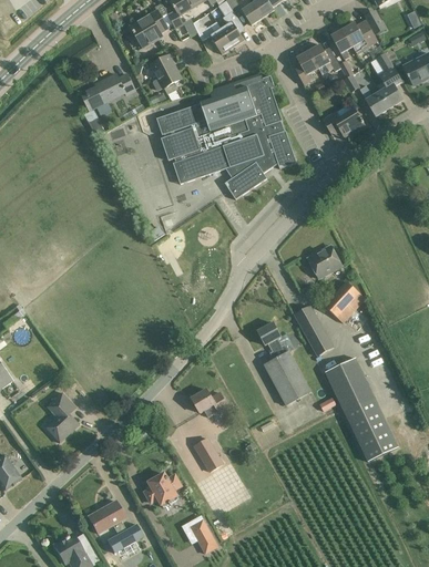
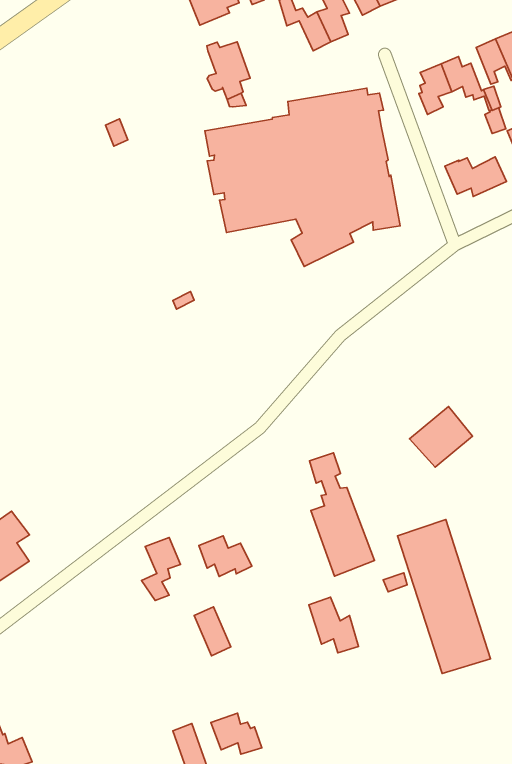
building: [82,72,135,110] -> none
building: [306,245,341,278] -> none
building: [294,305,333,355] -> none
building: none -> [141,538,181,601]
building: none -> [309,597,358,653]
building: [144,473,181,506] -> none
building: [86,501,143,553] -> none
building: none -> [211,713,262,754]

